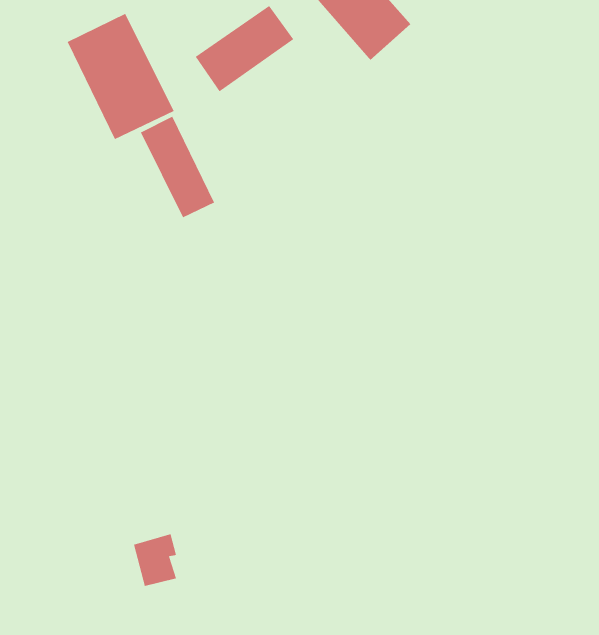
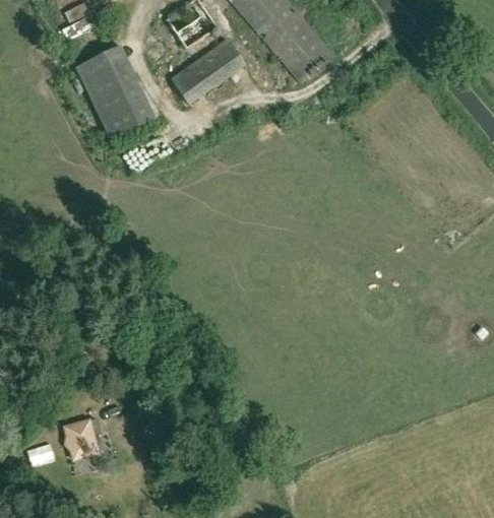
building: [140,116,215,218] -> none
building: [133,534,177,587] -> [65,416,98,456]

